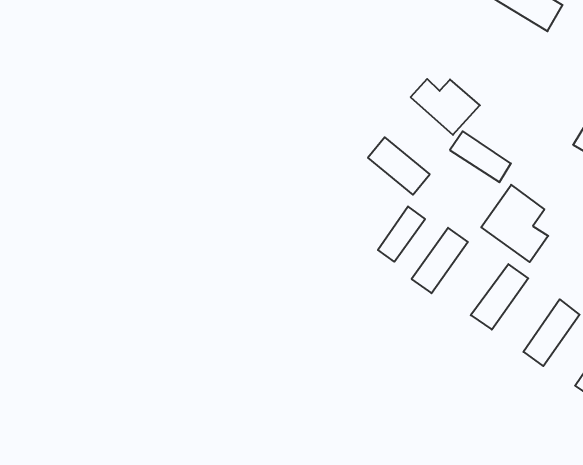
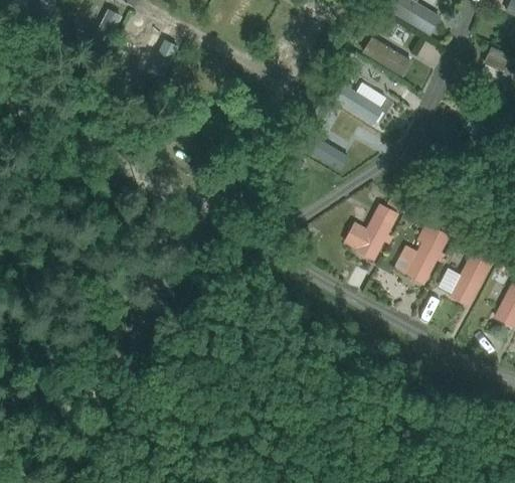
building: [450,131,511,182] -> [365,41,414,77]
building: [481,185,548,262] -> none
building: [378,206,425,262] -> none

